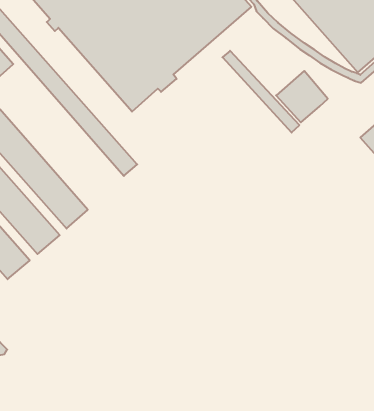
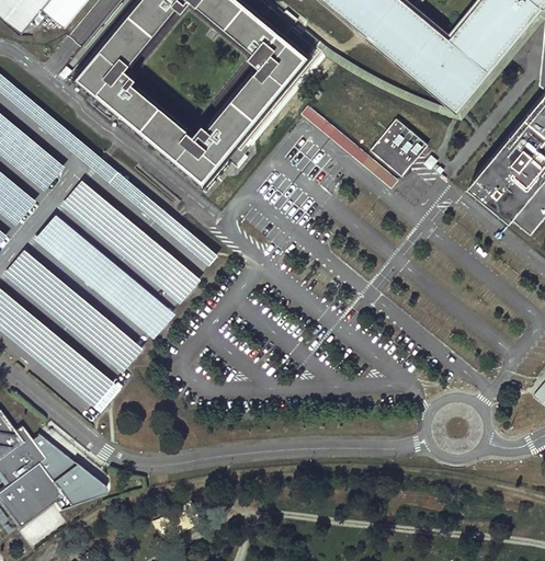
building: none -> [61,179,202,304]

